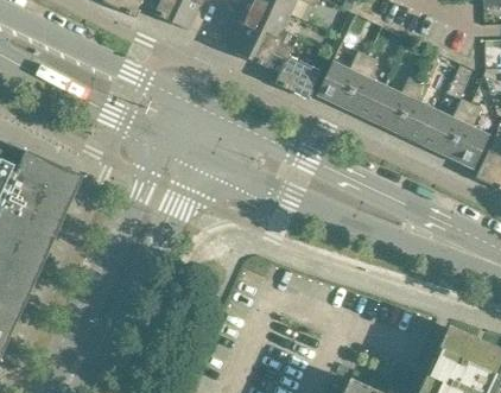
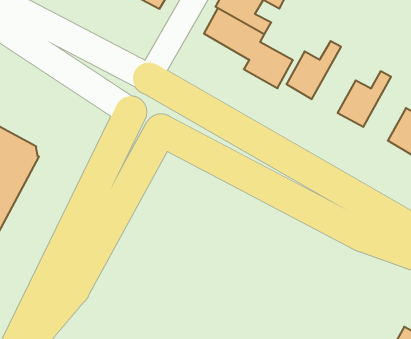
building: [343,55,385,120] -> none
building: [395,81,436,144] -> none

